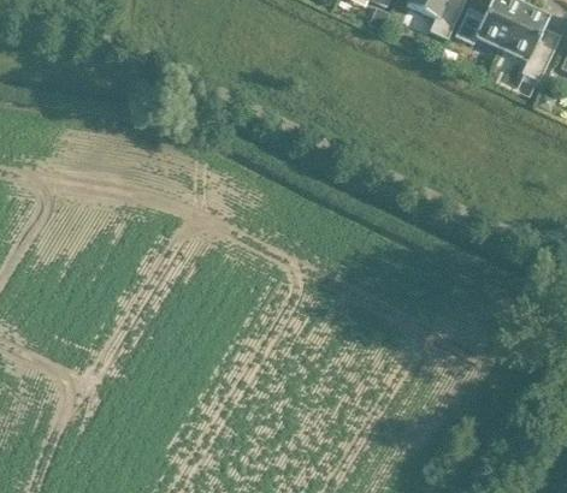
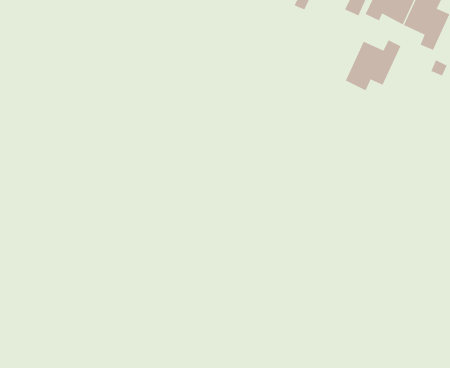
building: none -> [345,39,401,91]

